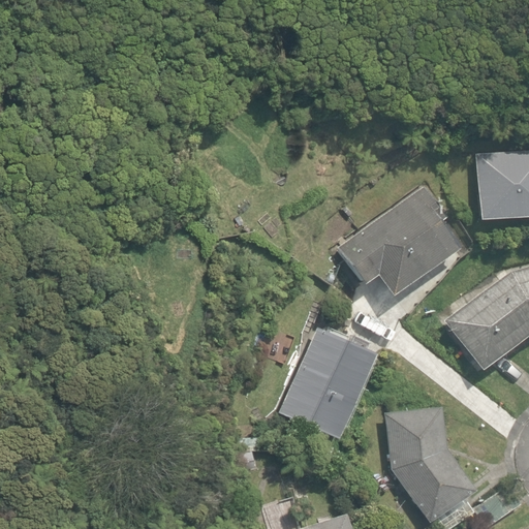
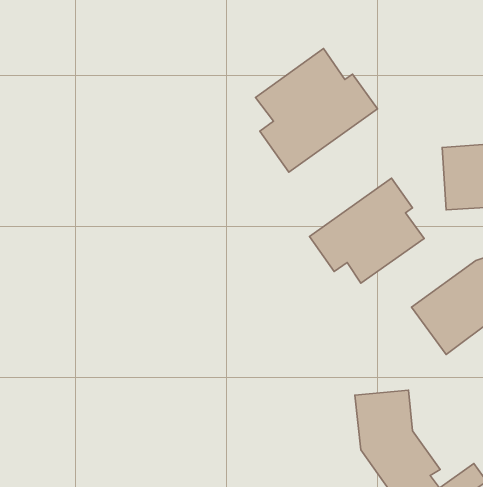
building: none -> [256,49,378,172]
building: [280,328,376,438] -> none

